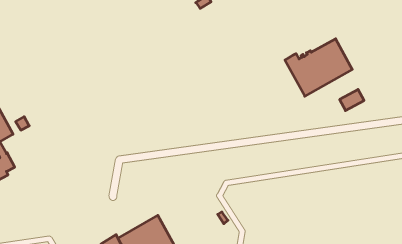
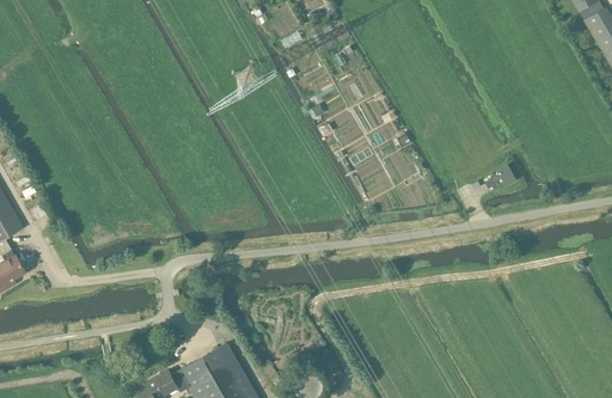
building: [285,39,352,96] -> none

